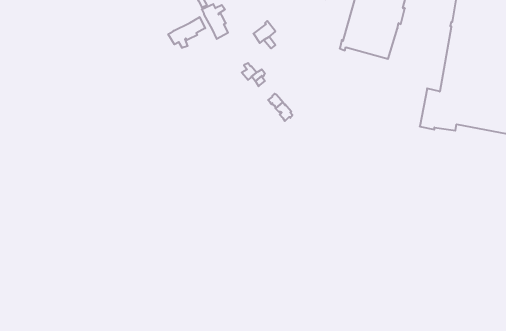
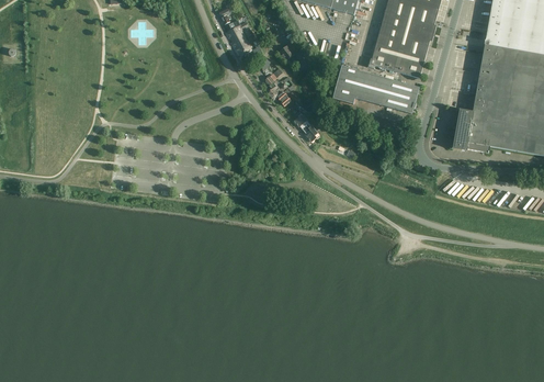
building: [168,17,205,48] -> none
building: none -> [332,66,419,114]

